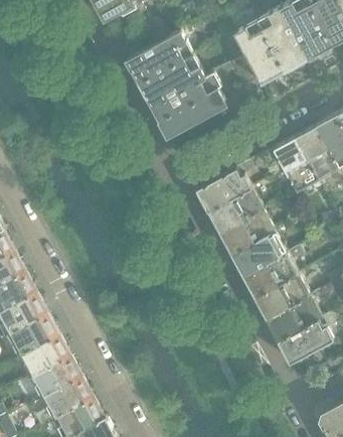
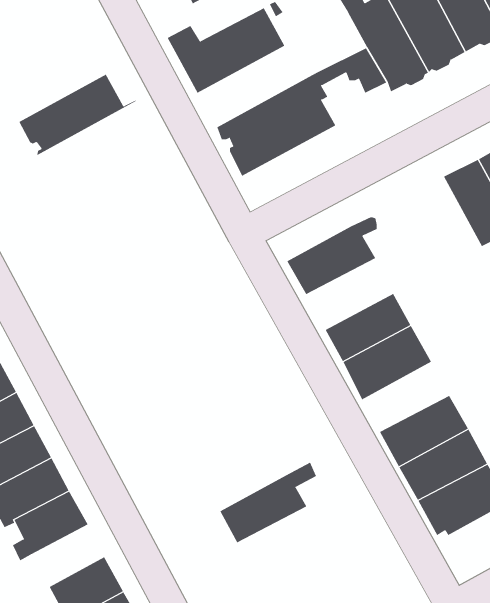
building: [139,54,213,106] -> [18,74,137,155]
building: [273,137,318,192] -> none
building: [207,188,263,234] -> none
building: [242,247,304,298] -> [219,462,317,543]
building: [33,356,80,399] -> none

